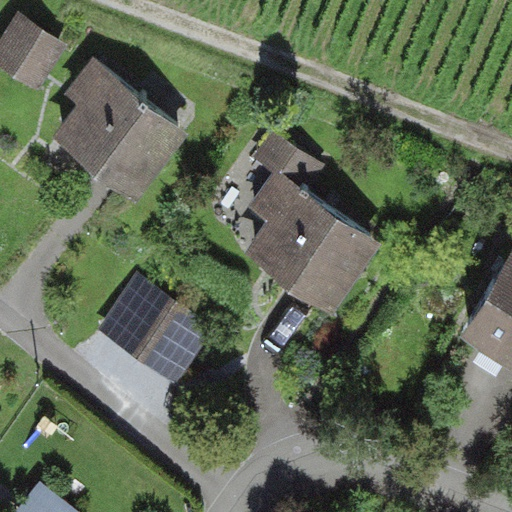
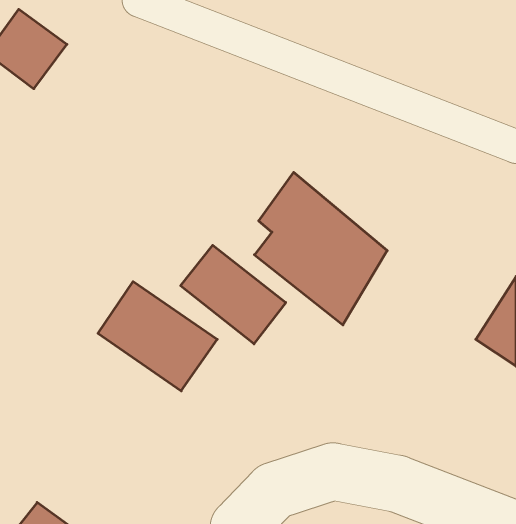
building: [53,59,173,191] -> none
building: none -> [181,245,286,344]

